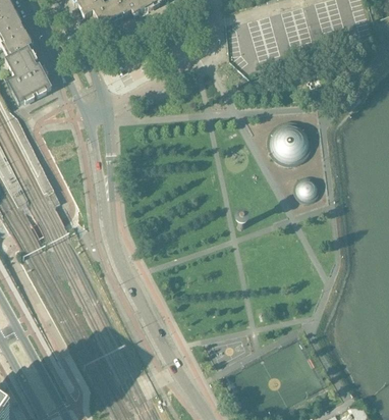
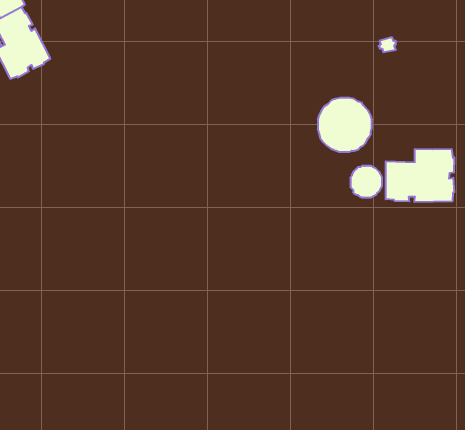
building: none -> [386,149,454,202]

